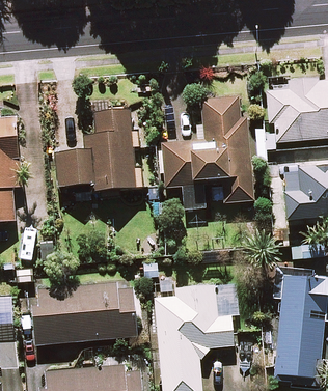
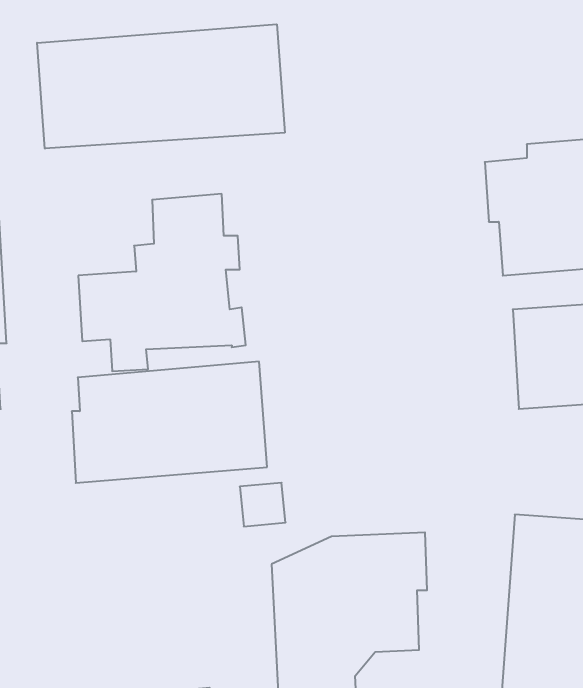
building: none -> [37,24,285,149]
building: [162,96,252,208] -> none
building: [34,281,136,344] -> [72,362,267,483]

